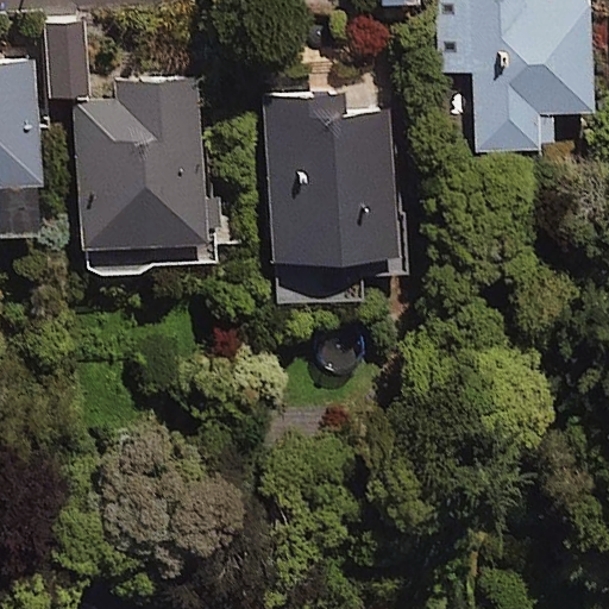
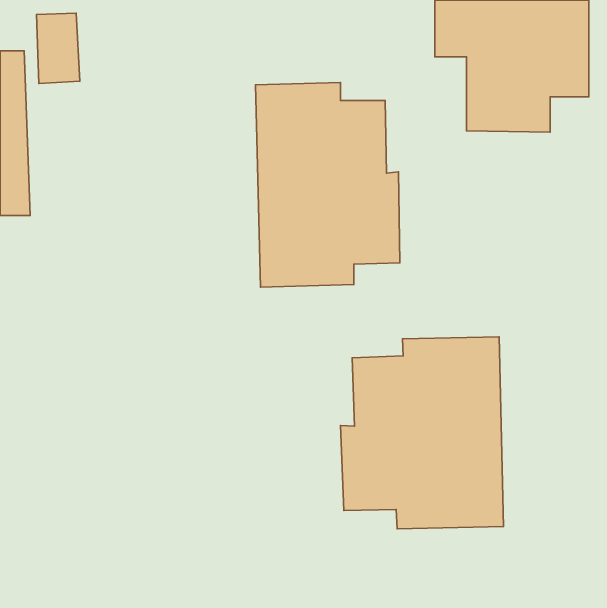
building: [69,76,213,272] -> none
building: none -> [341,337,504,529]

